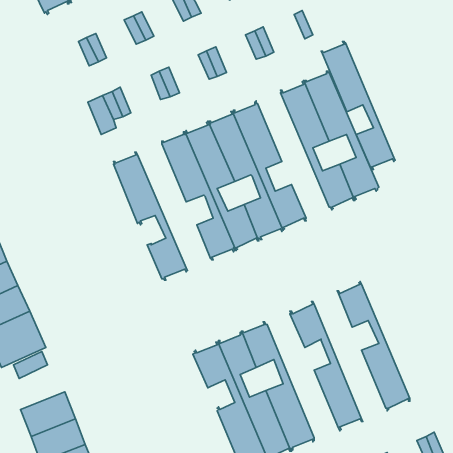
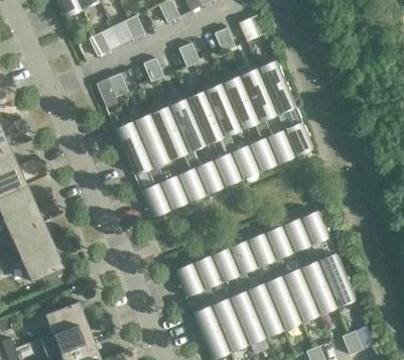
building: [321,42,395,170] -> [221,76,276,171]
building: none -> [132,113,187,210]
building: none -> [299,211,355,307]
building: none -> [264,226,318,322]
building: none -> [228,240,282,337]

